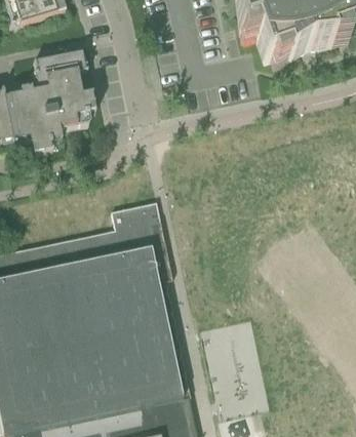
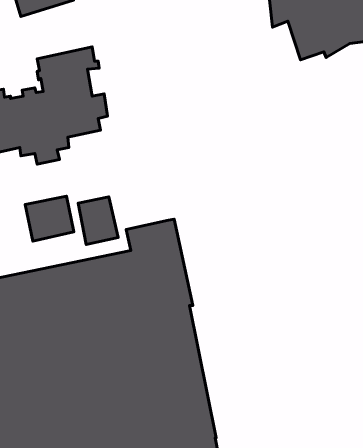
building: none -> [25,196,74,241]
building: none -> [78,197,118,244]

